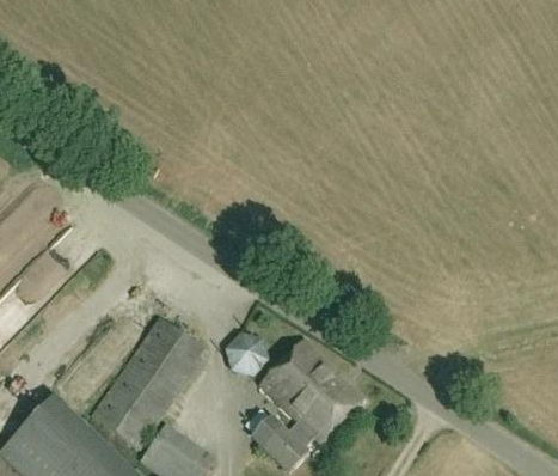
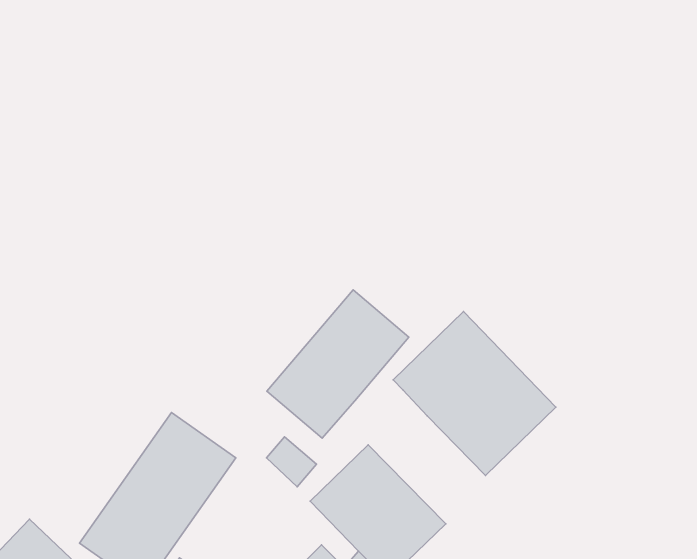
building: none -> [267,290,409,438]
building: none -> [393,312,556,475]

